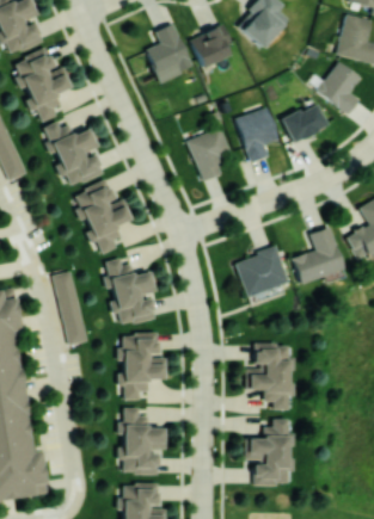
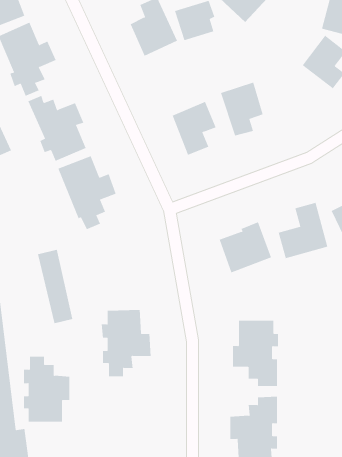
building: [282,104,327,142] -> none
building: [104,258,158,325] -> none
building: [118,408,165,474] -> [23,356,70,422]

